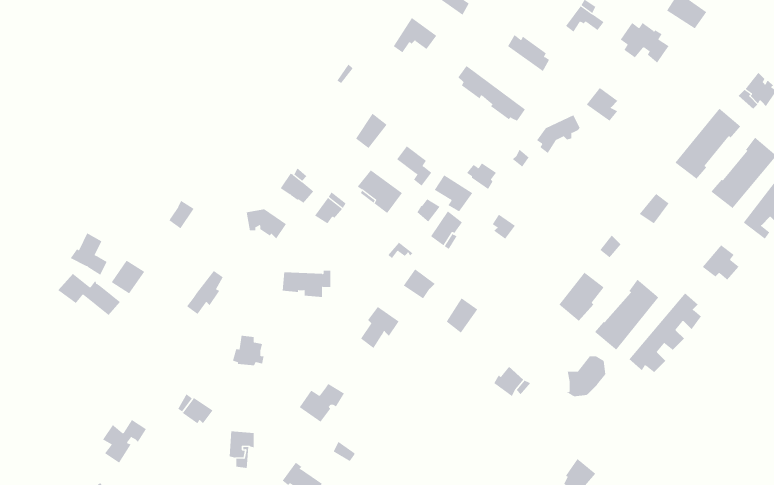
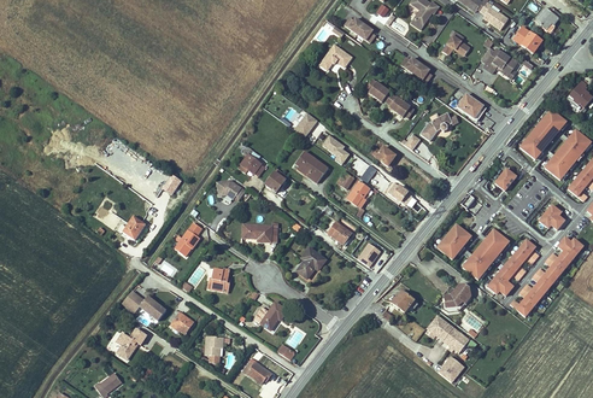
building: [57,273,121,316] -> [122,292,166,322]
building: none -> [510,238,583,317]
building: none -> [427,315,469,353]

